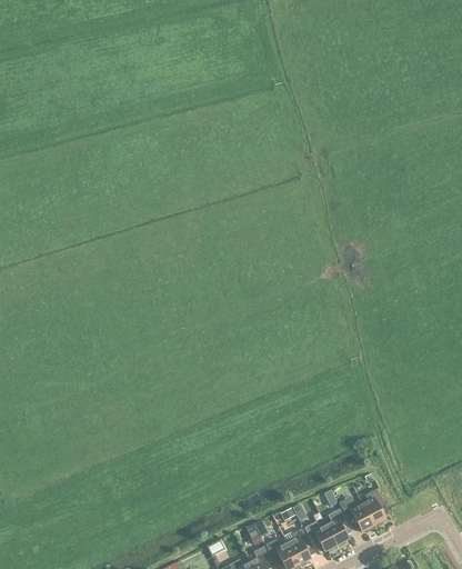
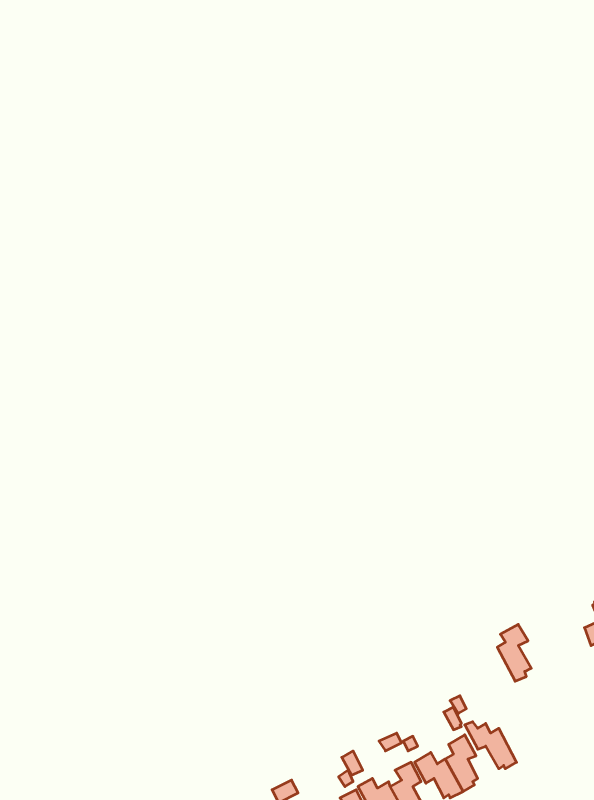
building: [362,489,385,528] -> [497,624,531,681]

